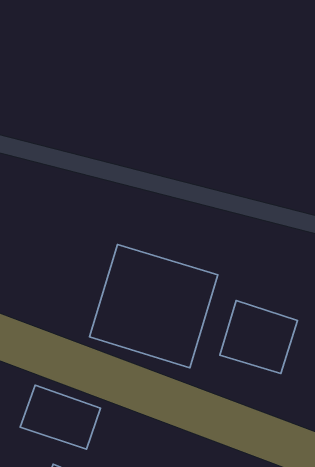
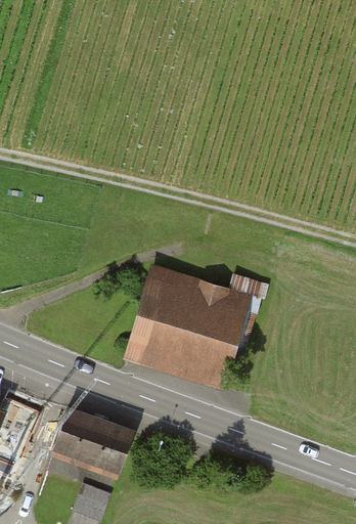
building: [220,300,297,373] -> none

